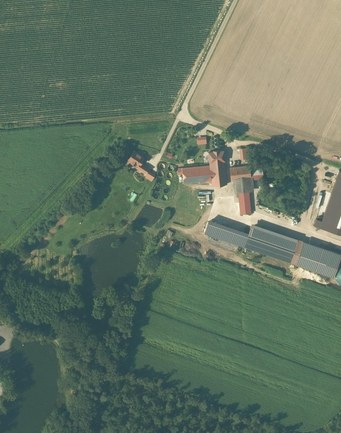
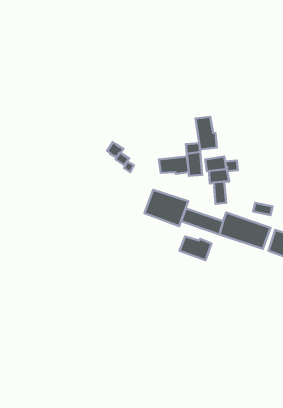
building: none -> [196,117,217,150]
building: none -> [145,190,188,226]
building: none -> [180,237,212,260]

